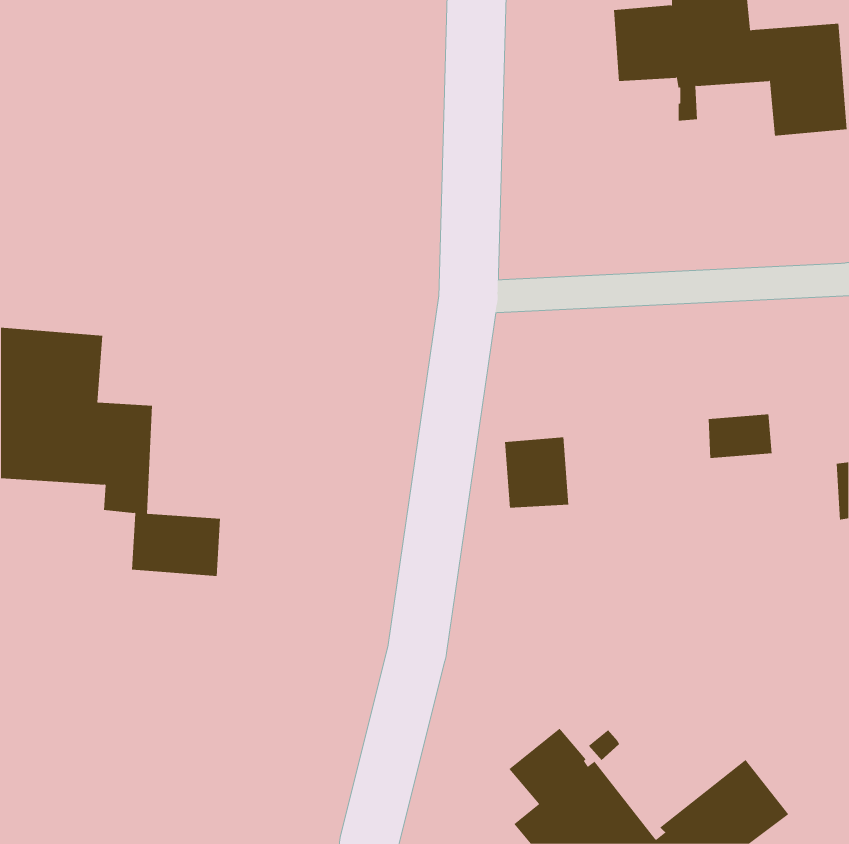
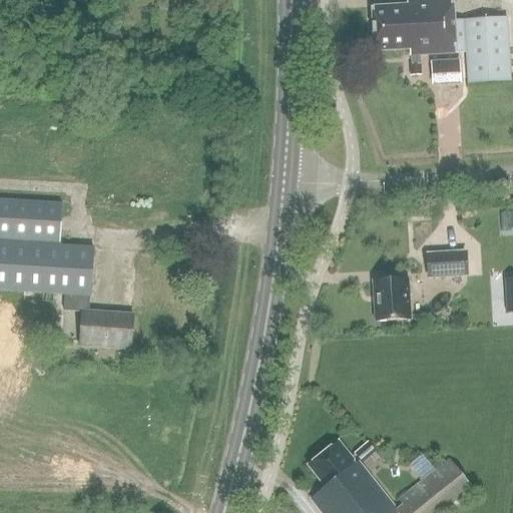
building: none -> [428,57,458,82]
building: [504,437,569,508] -> [372,277,411,320]

